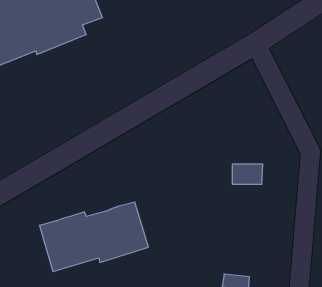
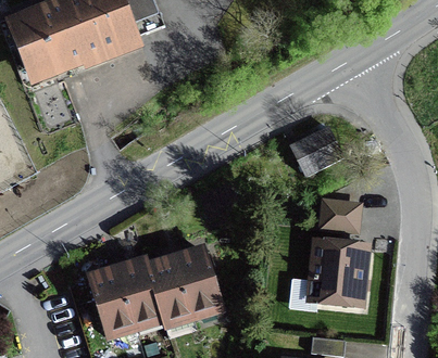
building: none -> [291,128,342,177]
building: none -> [310,243,368,310]

